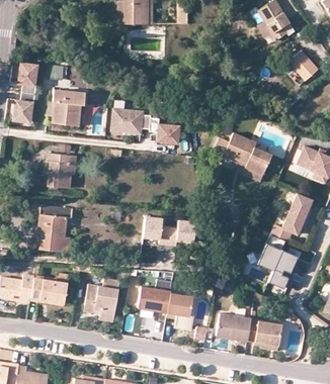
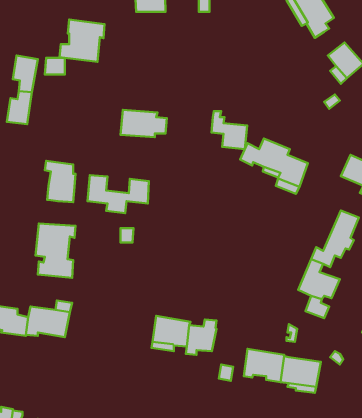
building: [46,89,84,125] -> [60,19,105,62]
building: [149,111,179,143] -> [212,111,247,149]
building: [143,215,195,248] -> [87,175,149,213]
building: [83,278,118,318] -> none

